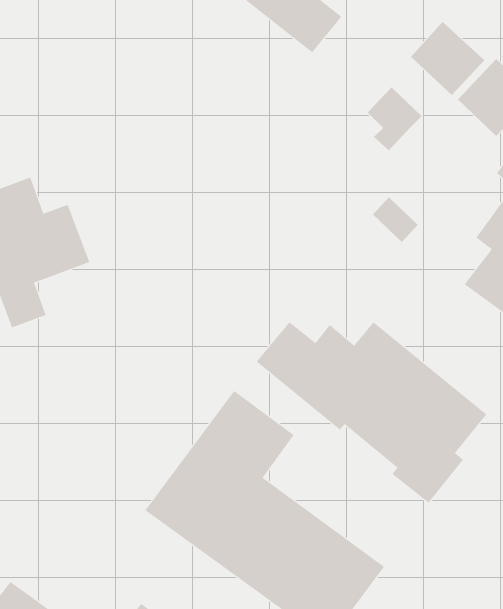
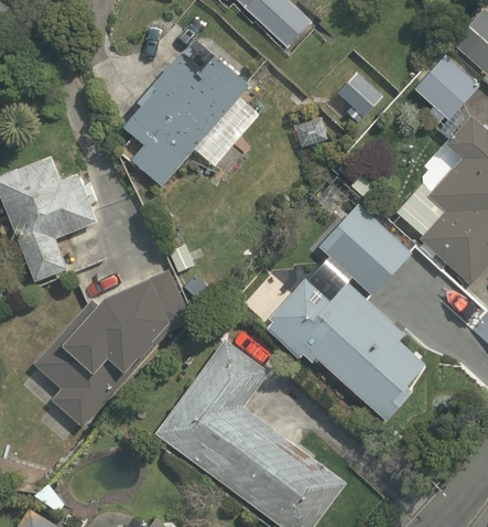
building: [410,21,485,96] -> none
building: none -> [126,39,254,182]
building: none -> [316,203,410,295]
building: none -> [35,271,200,431]

